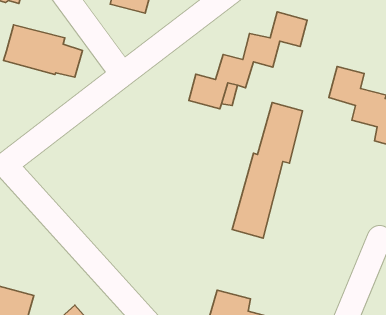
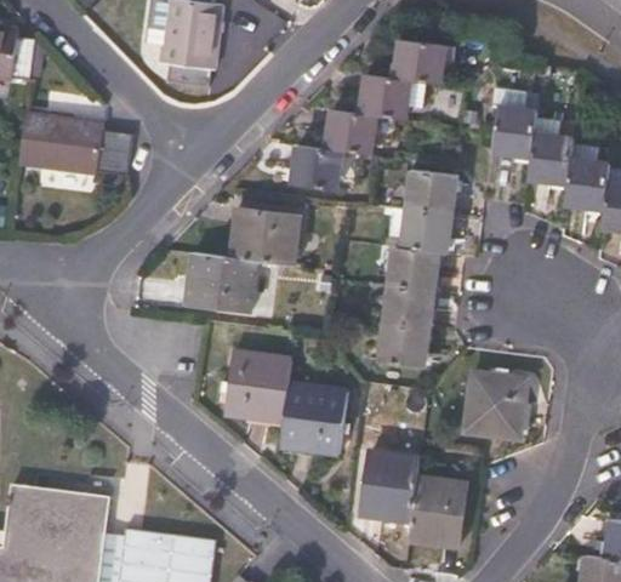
building: none -> [184,209,301,312]
building: none -> [224,352,347,455]
building: none -> [463,371,526,440]

